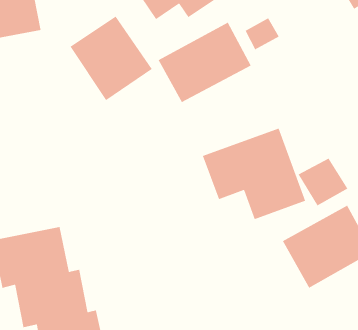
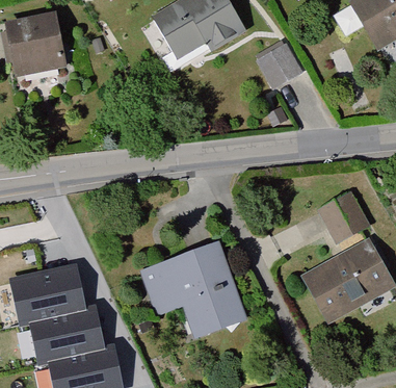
building: [70,16,153,101] -> none
building: [158,21,252,103] -> none
building: [202,127,306,220] -> [141,243,245,336]

